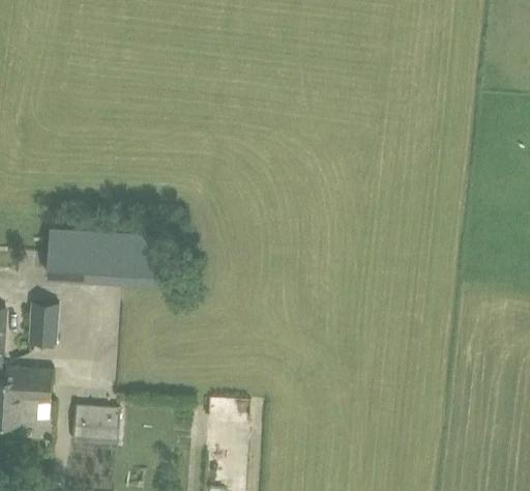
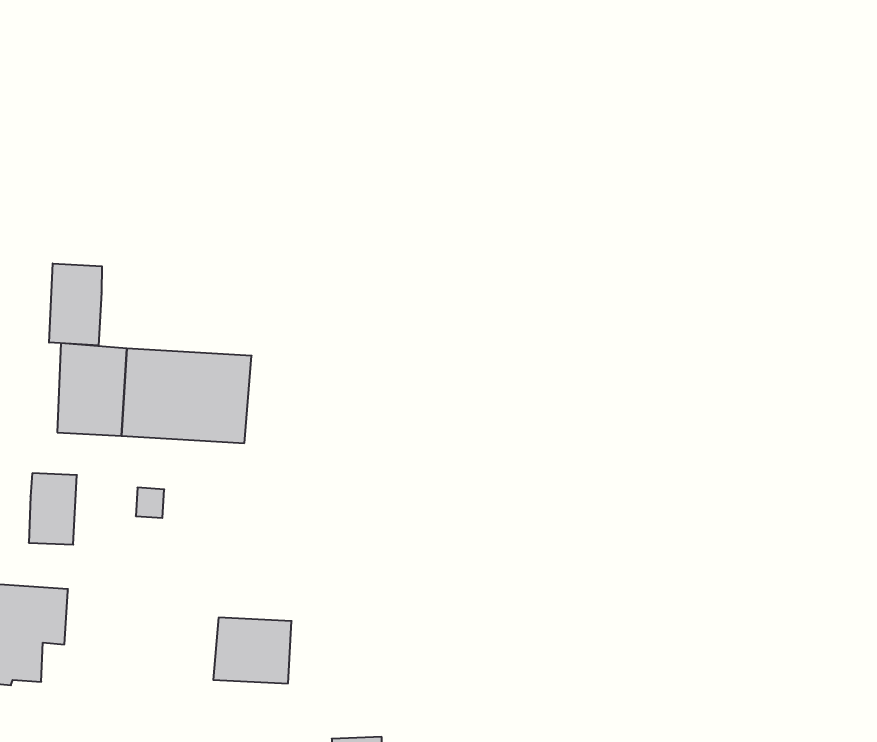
building: none -> [49,263,102,345]
building: [73,407,119,445] -> [213,618,292,683]

